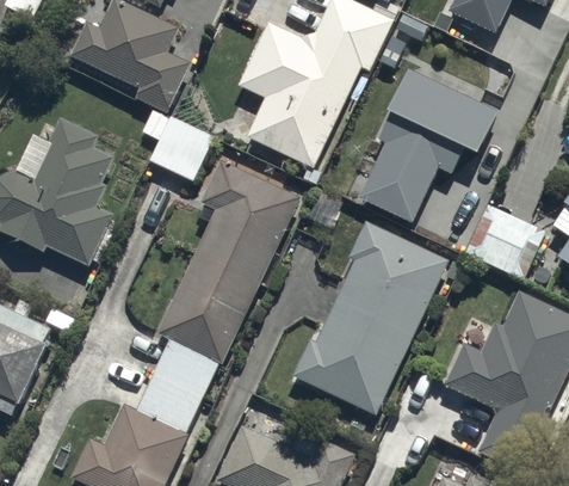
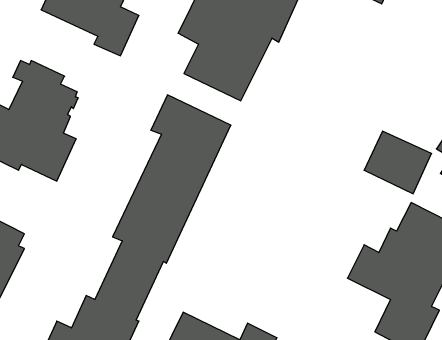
building: [358,68,497,222] -> none
building: [149,115,212,179] -> none
building: [291,222,447,414] -> none

